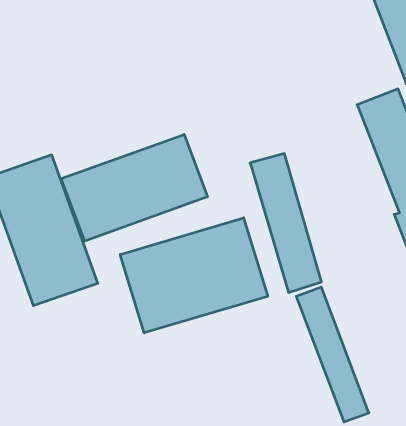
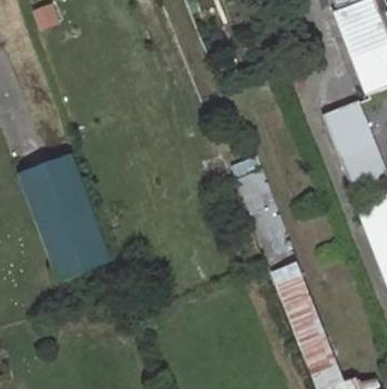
building: [61,134,207,241] -> none
building: [120,218,268,333] -> none

